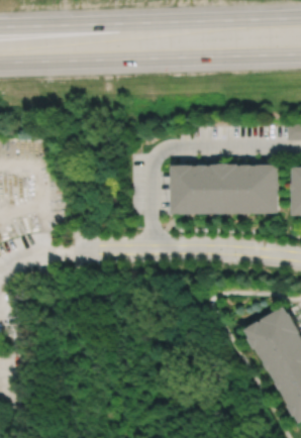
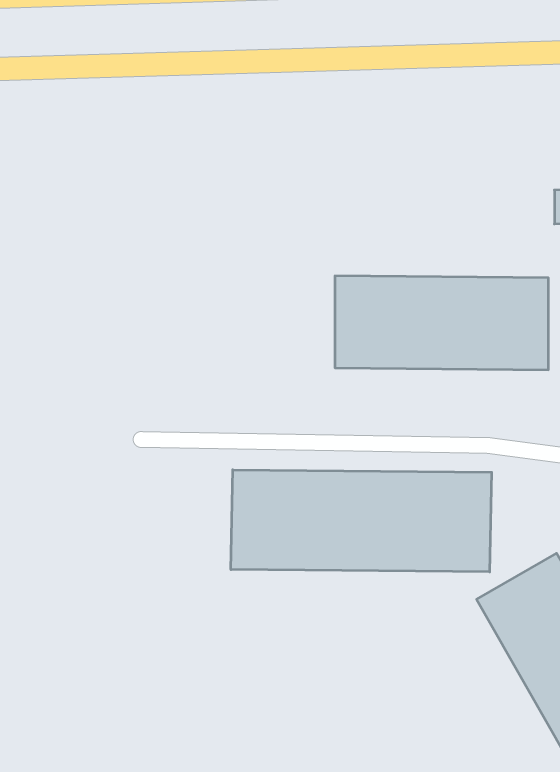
building: none -> [231,470,492,572]

